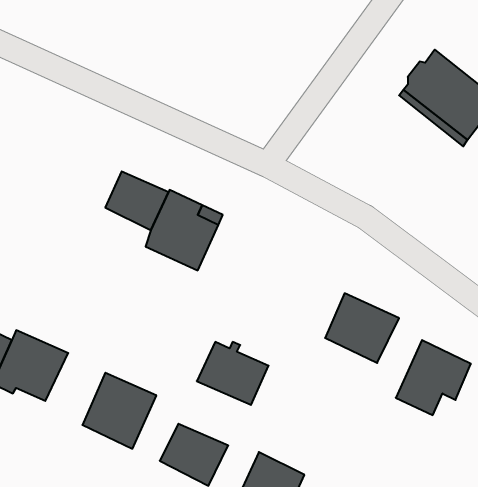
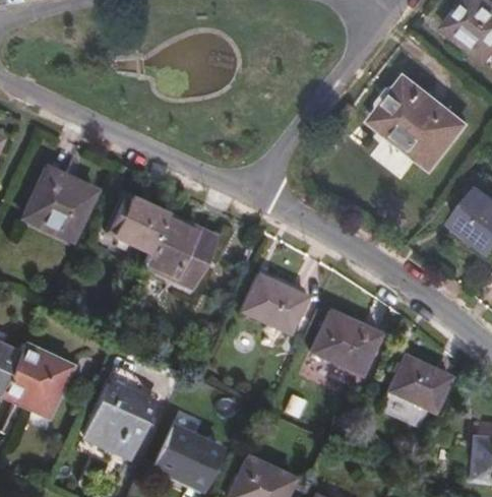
building: none -> [24,173,91,238]
building: [197,342,269,405] -> [244,266,311,325]

